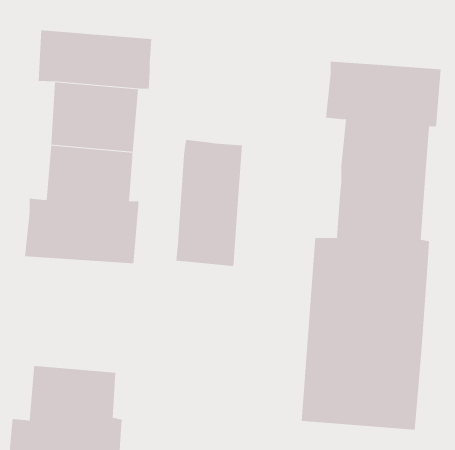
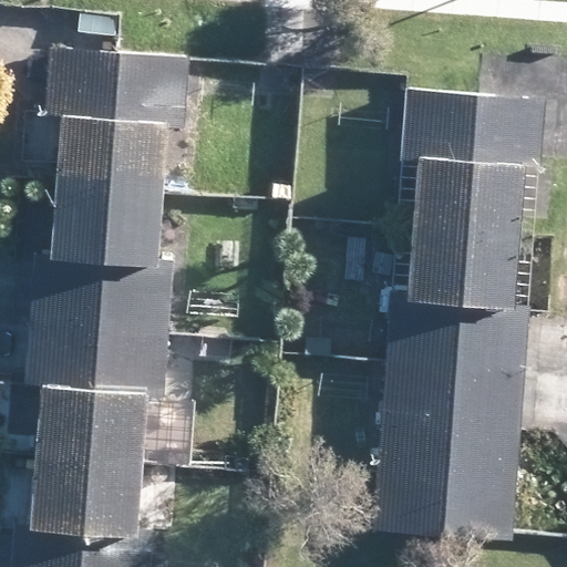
building: [176,139,243,267] -> none
building: none -> [27,328,165,471]

